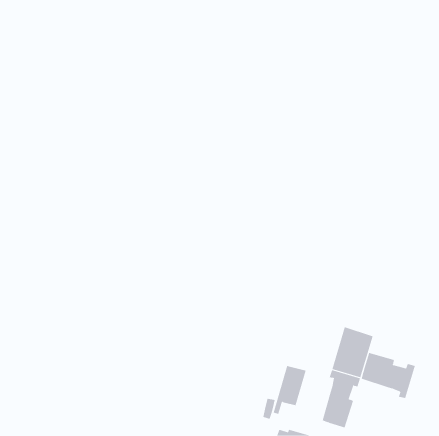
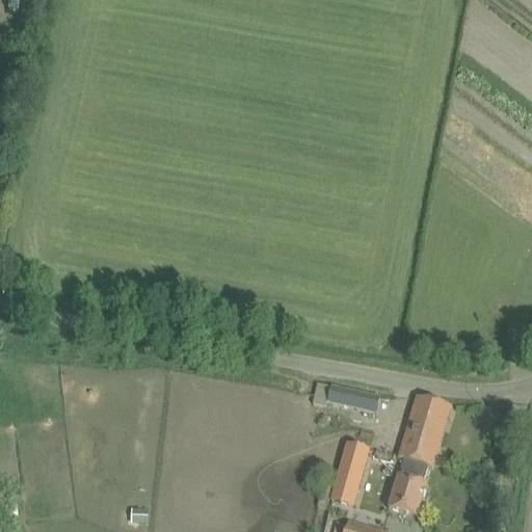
building: none -> [313,380,379,411]
building: [361,352,416,399] -> none

